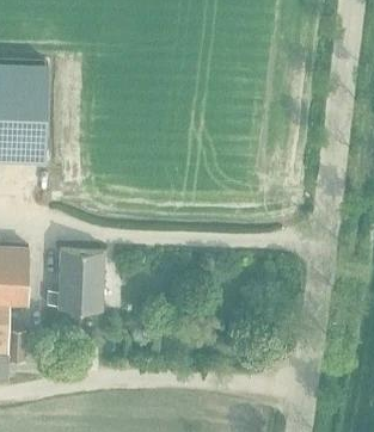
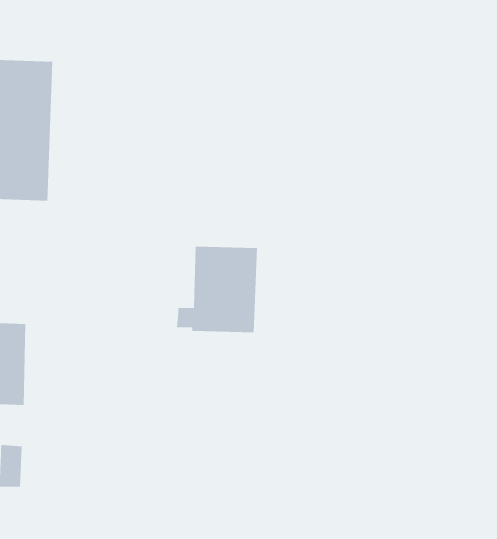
building: [47,251,104,311] -> [176,246,258,333]

